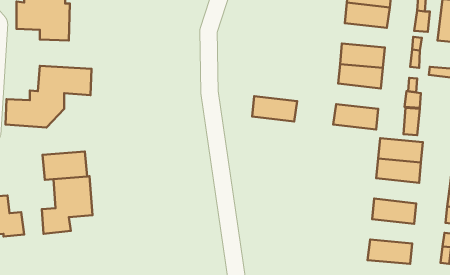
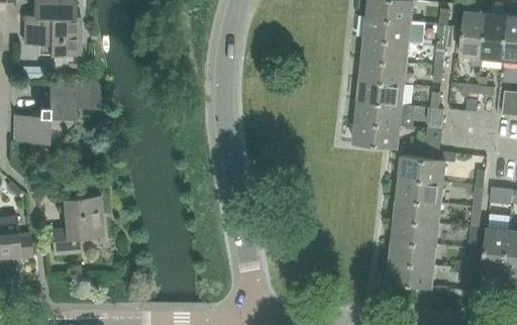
building: none -> [361,37,408,63]
building: [252,96,297,121] -> [355,100,402,126]
building: [43,151,87,180] -> none
building: none -> [395,198,441,224]
building: none -> [391,240,436,265]

